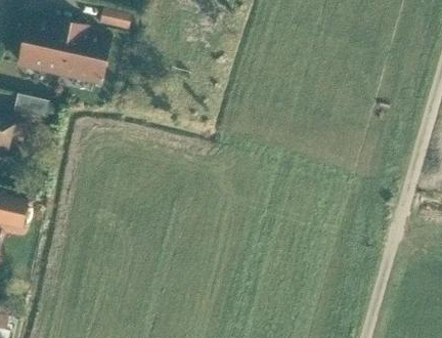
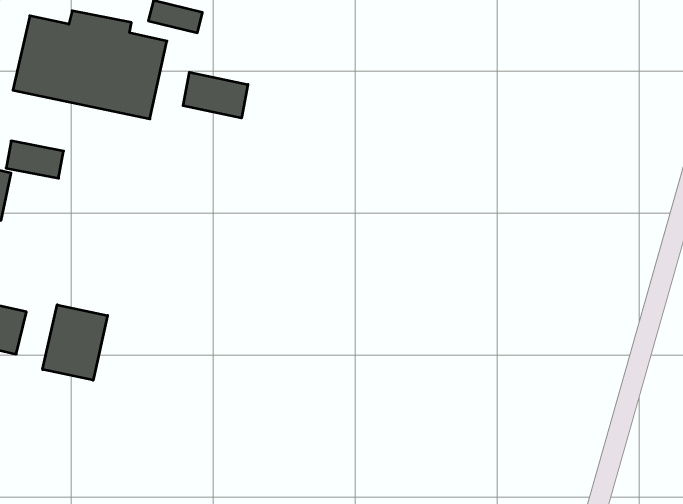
building: none -> [183,72,248,118]
building: none -> [43,305,108,380]

